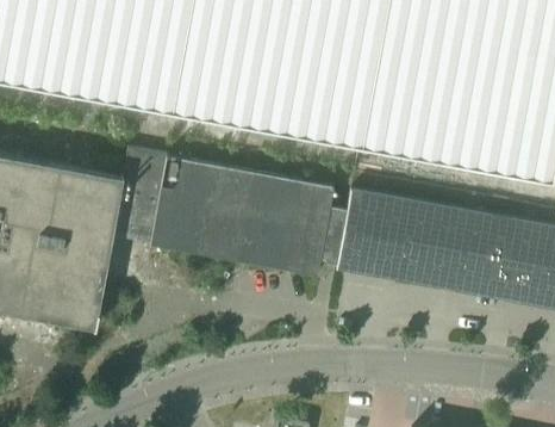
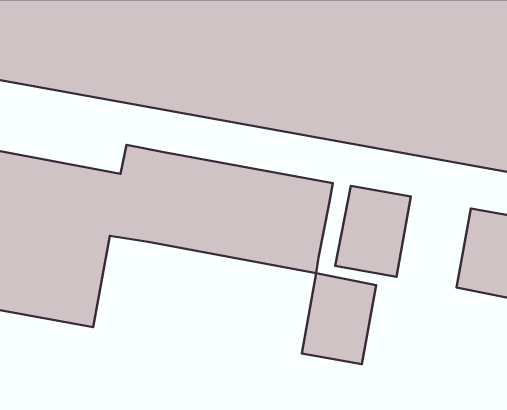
building: [398,199,472,290] -> [302,273,376,364]

